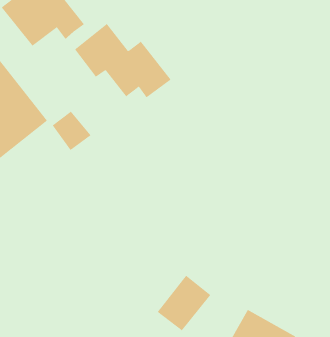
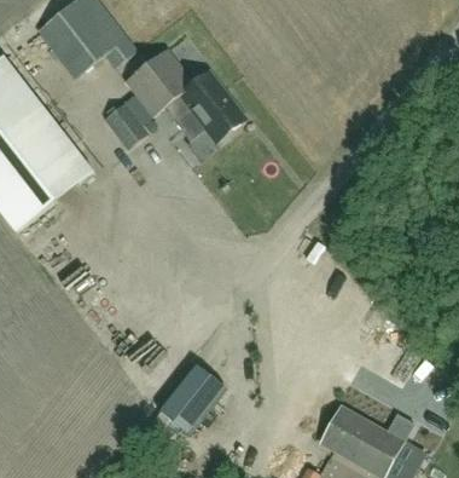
building: [52,111,92,151] -> [103,100,152,150]
building: [157,275,211,331] -> [158,363,226,433]

